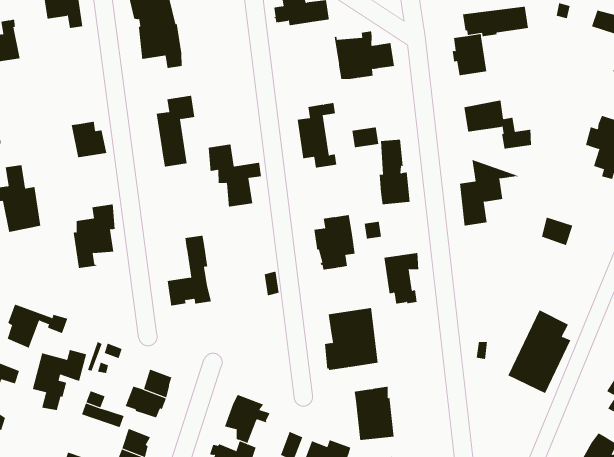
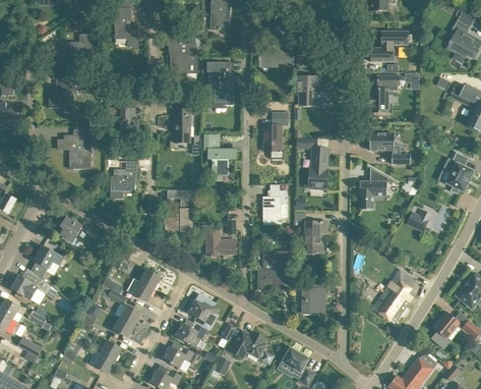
building: none -> [207,63,234,105]
building: none -> [202,226,235,256]
building: [32,349,87,411] -> none
building: [354,386,394,440] -> [301,281,324,314]

